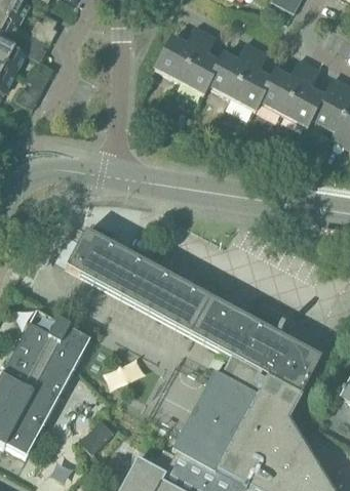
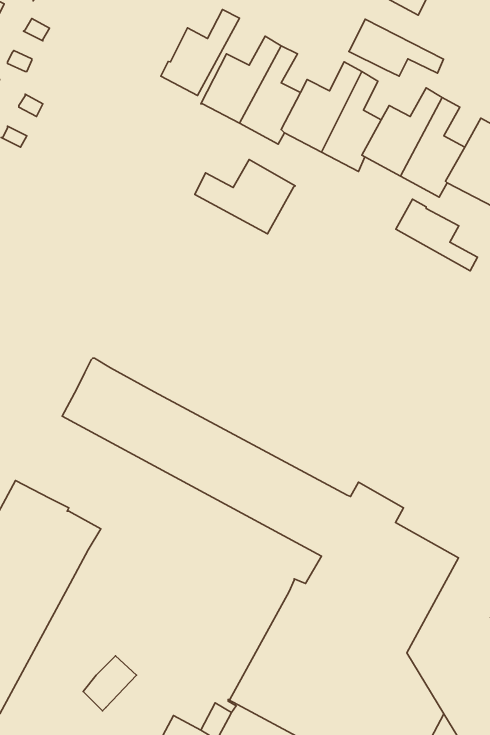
building: none -> [161,9,239,96]
building: none -> [349,19,444,76]
building: none -> [195,159,295,234]
building: none -> [396,199,478,271]

